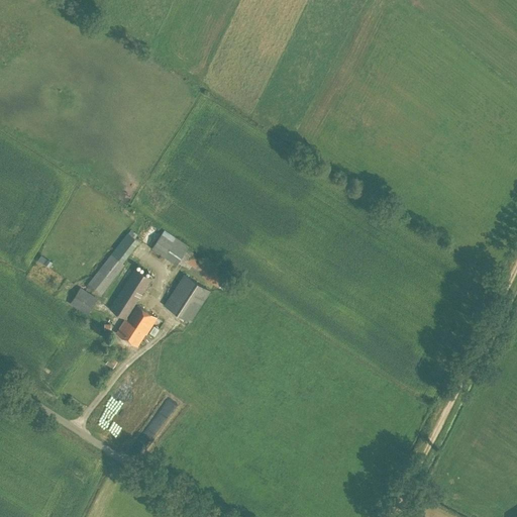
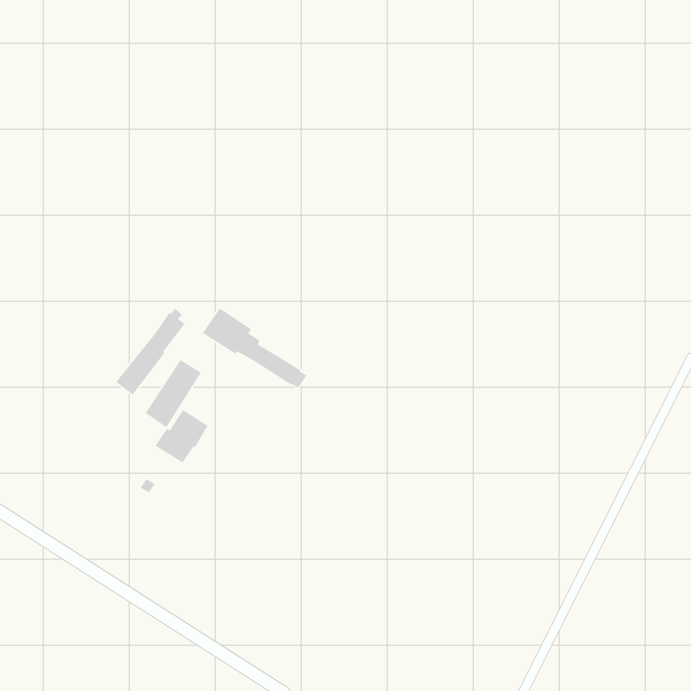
building: [164,275,208,322] -> none
building: [69,289,96,315] -> none

